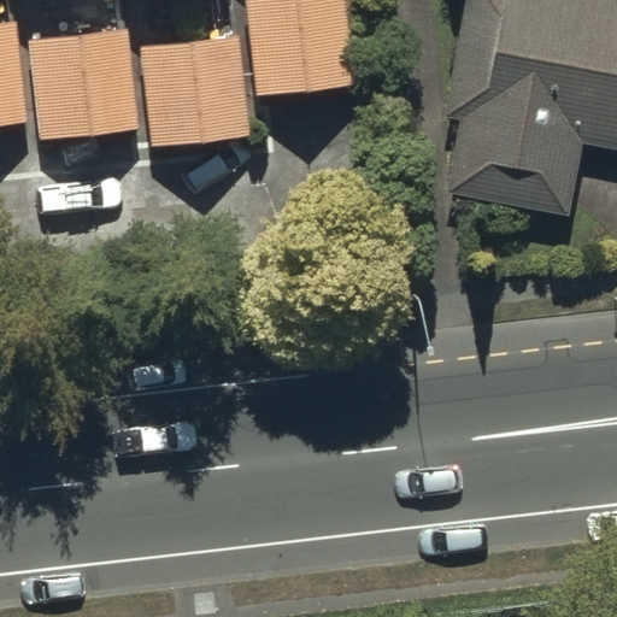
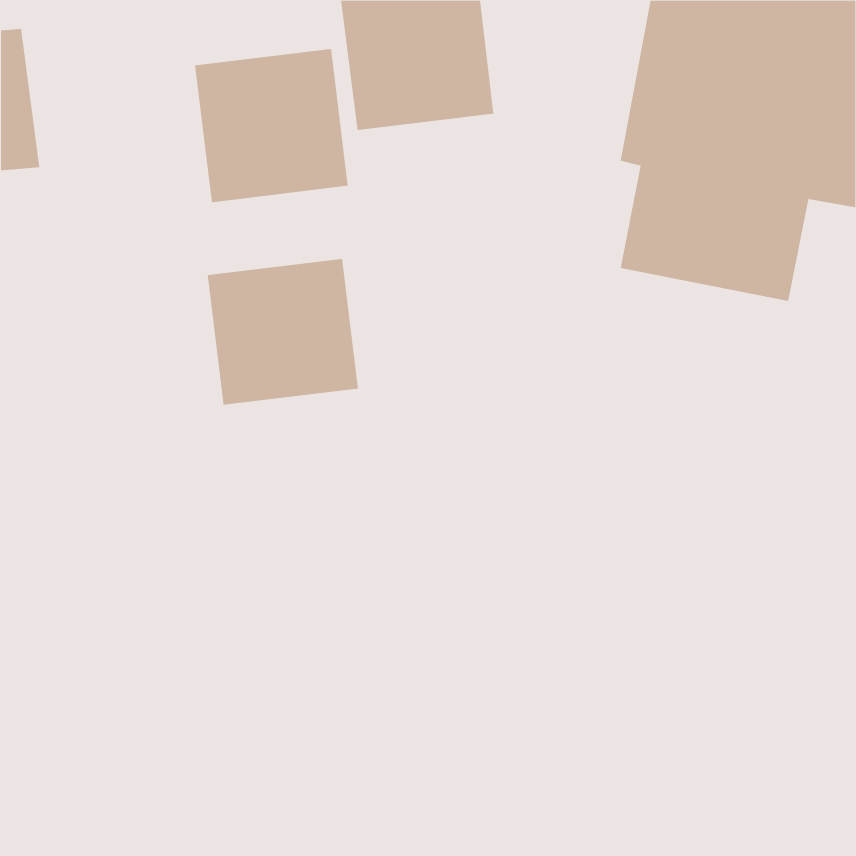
building: [29,30,137,140] -> none
building: none -> [207,258,358,406]

